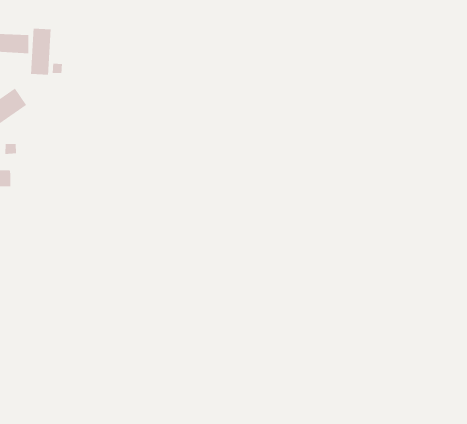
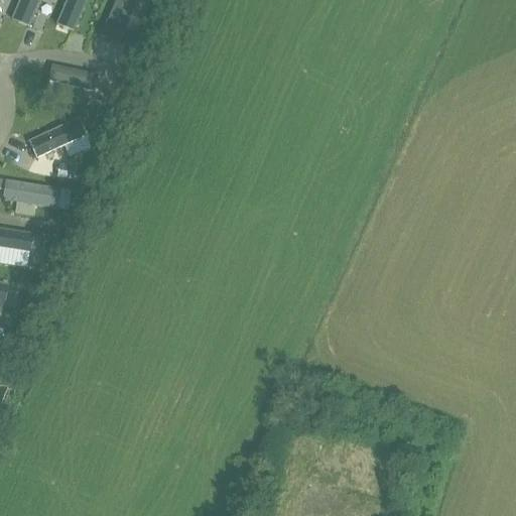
building: [30,28,51,76] -> none

